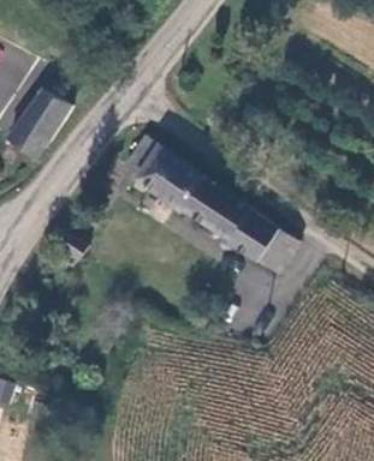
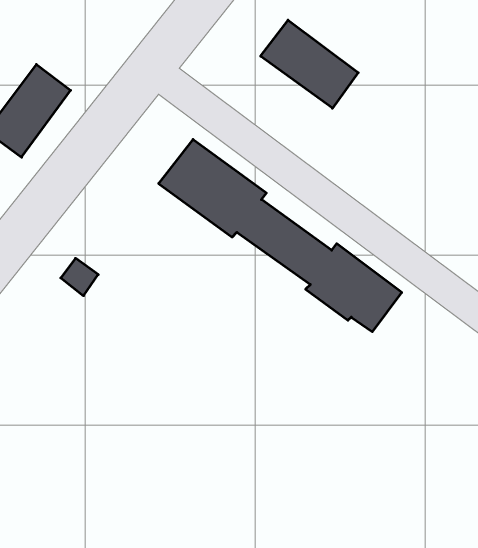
building: none -> [261,20,358,108]

